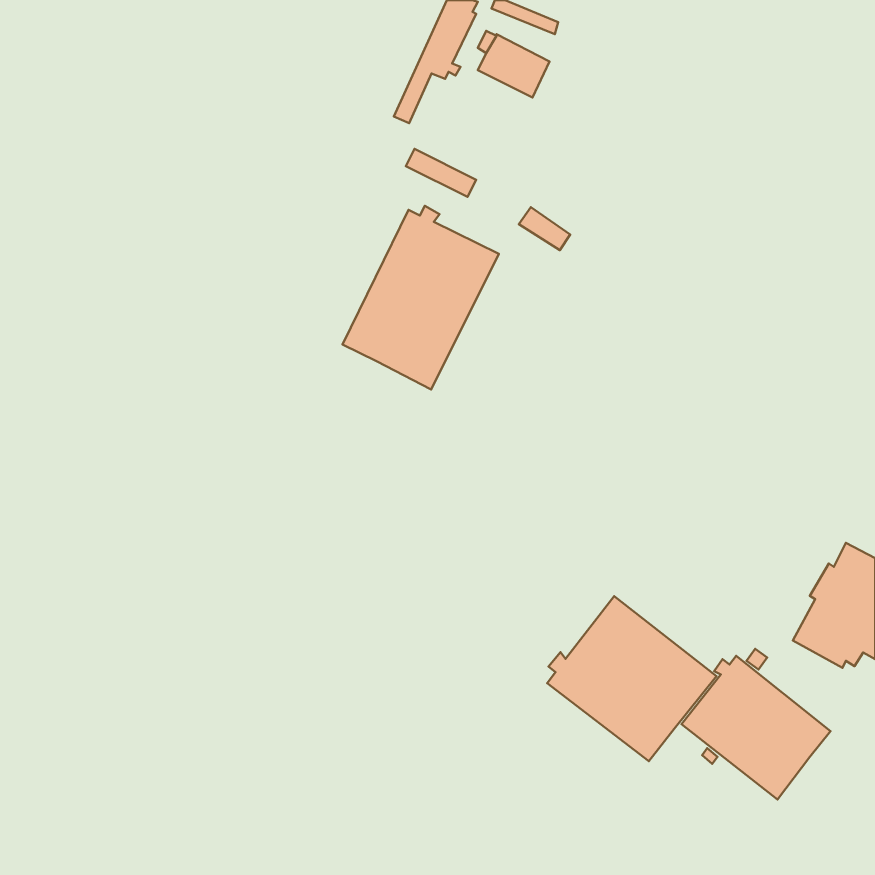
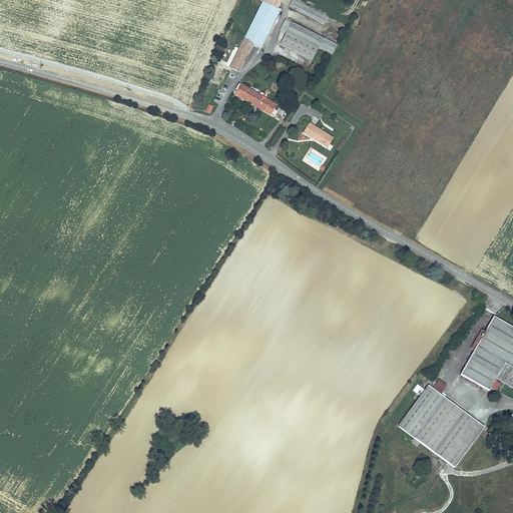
building: [343,206,499,390] -> none
building: [547,596,716,761] -> none

